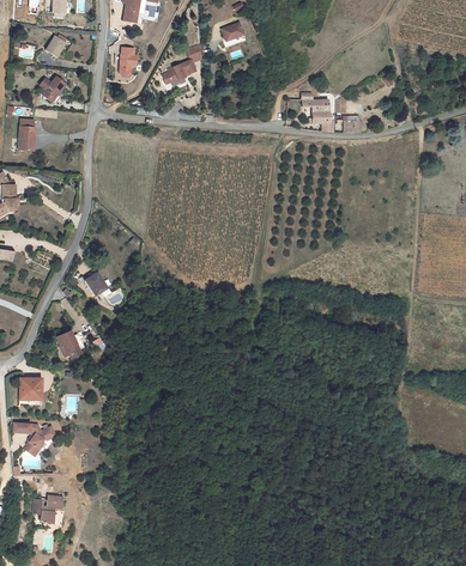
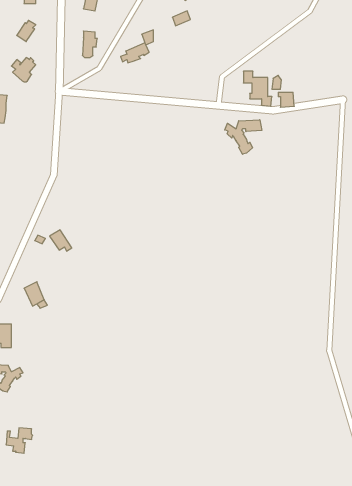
building: none -> [225,120,262,154]

